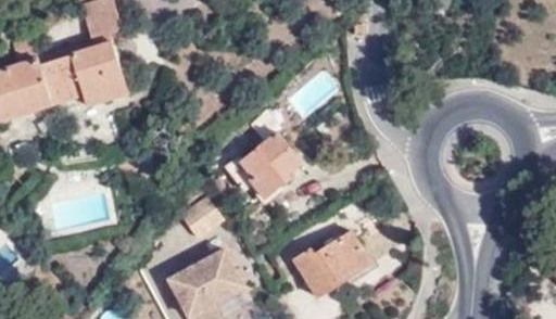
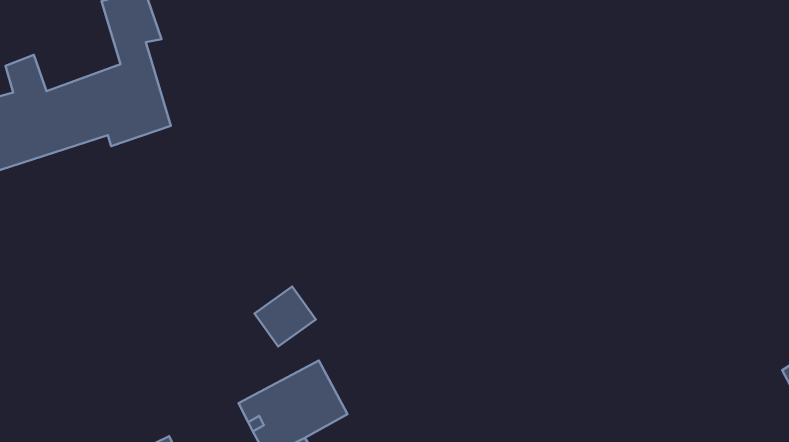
building: [225,131,298,200] -> none
building: [293,230,370,296] -> none

